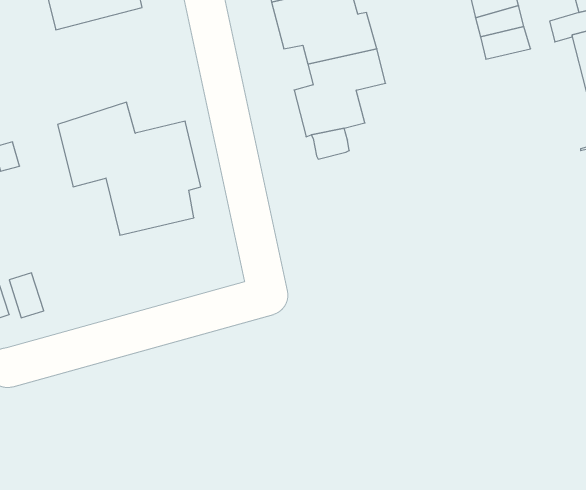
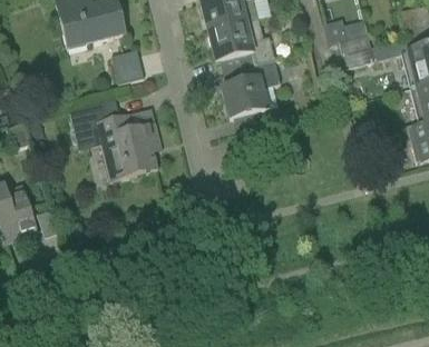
building: none -> [111,47,144,81]

